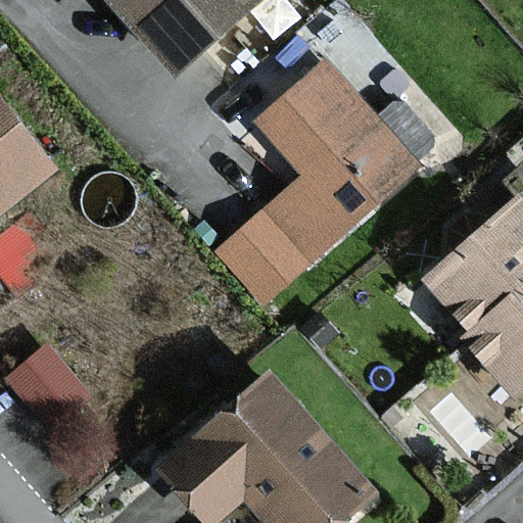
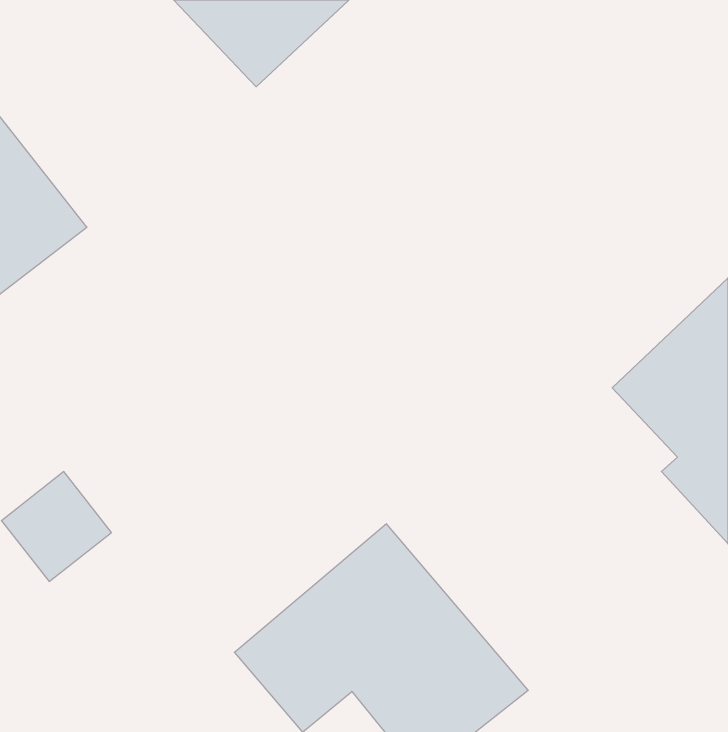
building: [217,69,413,303] -> none

